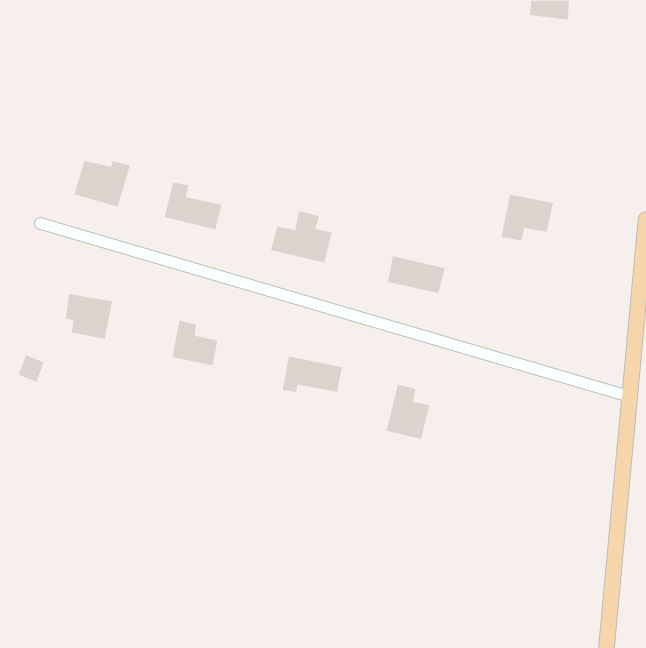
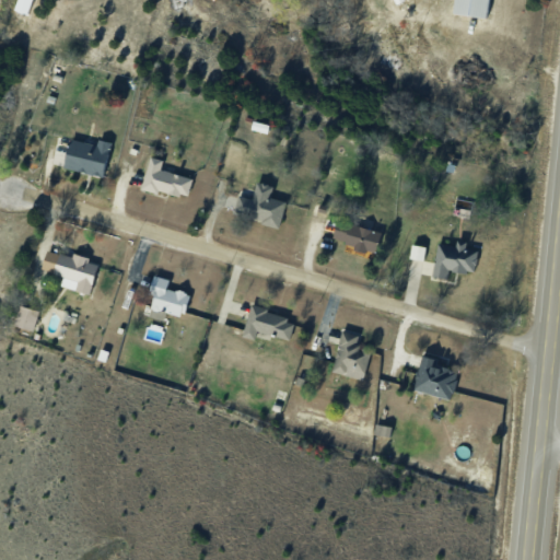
building: [501,194,554,241] -> [432,241,478,281]
building: none -> [412,358,458,399]

